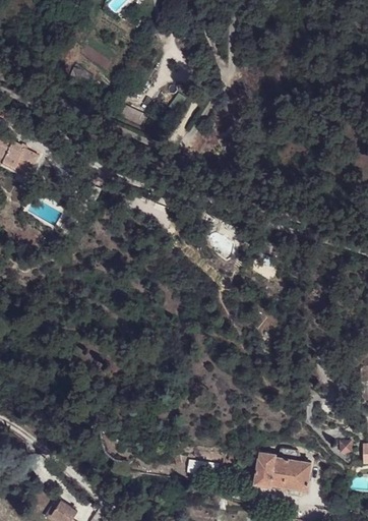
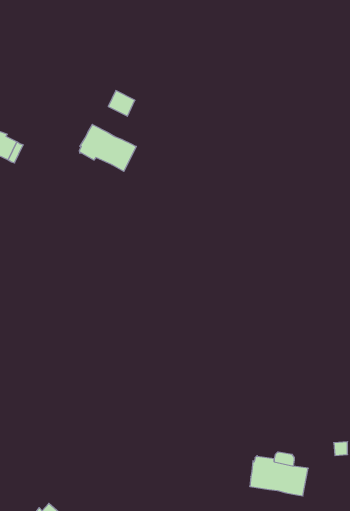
building: none -> [80,124,136,171]

